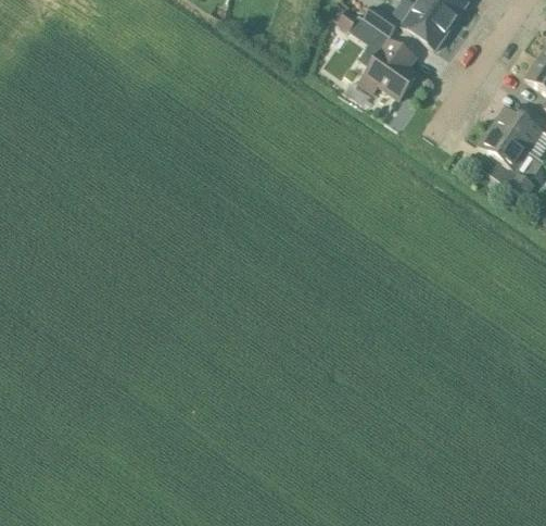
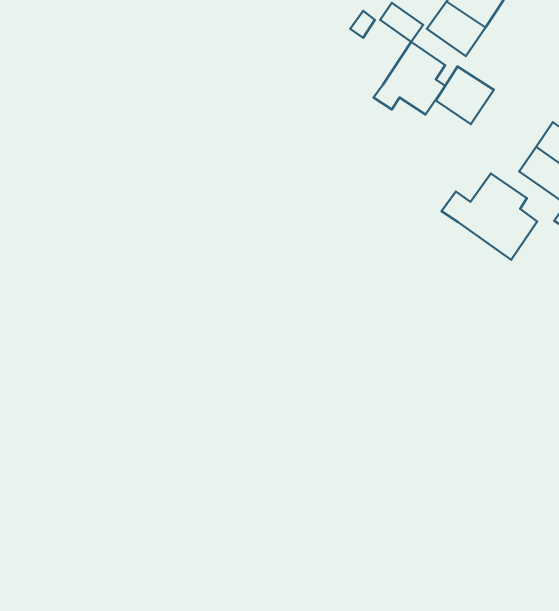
building: none -> [436,66,494,124]
building: none -> [442,173,537,260]

